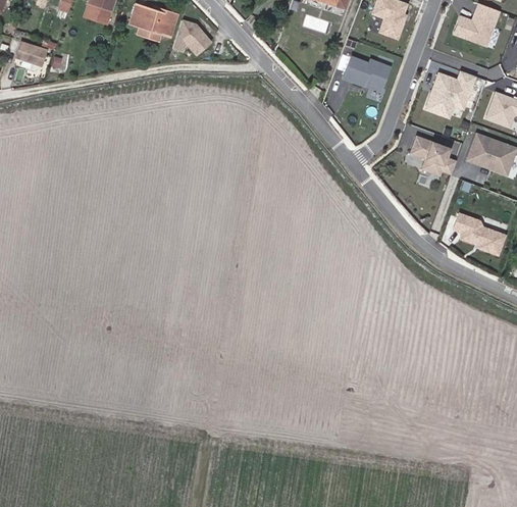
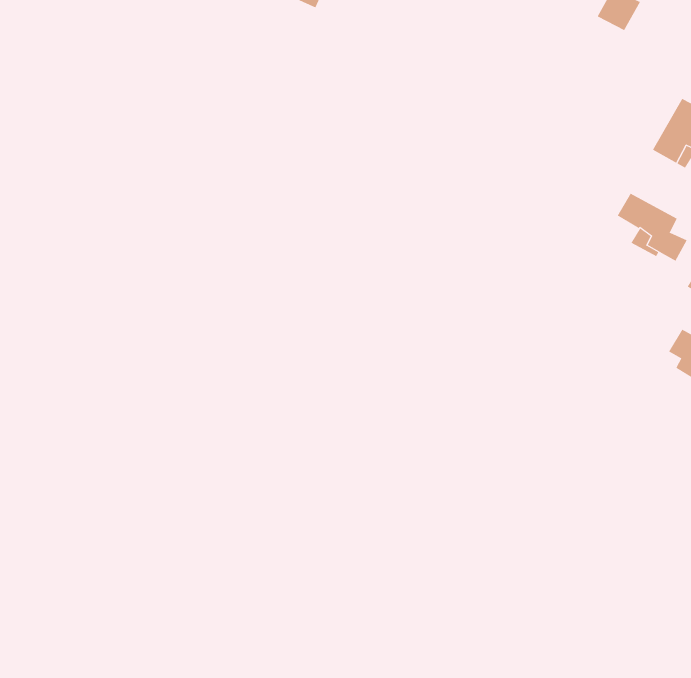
building: [343,56,391,88] -> none

